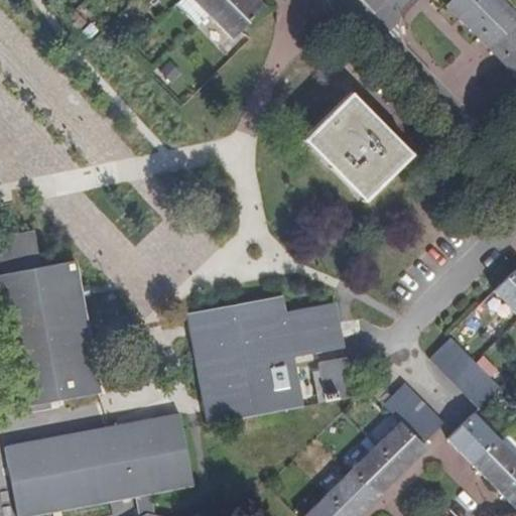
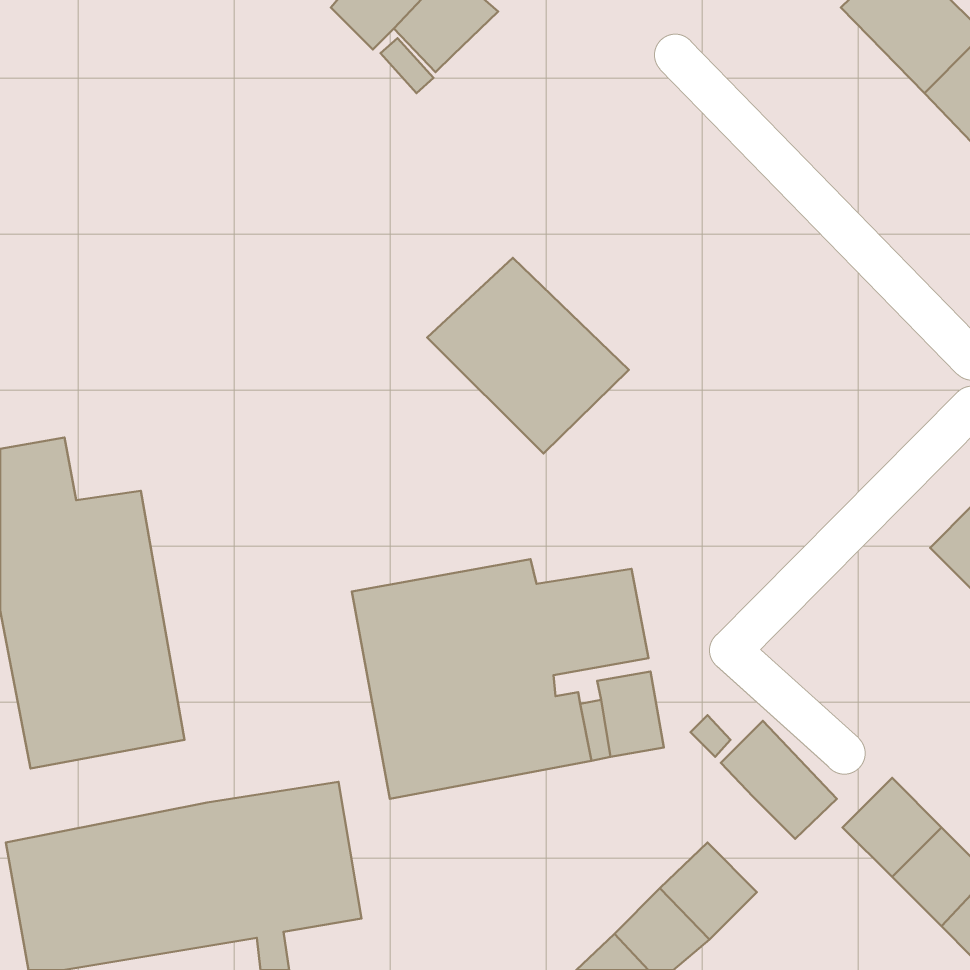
building: [305,96,412,200] -> [427,258,629,454]
building: [429,337,500,407] -> none
building: [376,422,426,473] -> none

